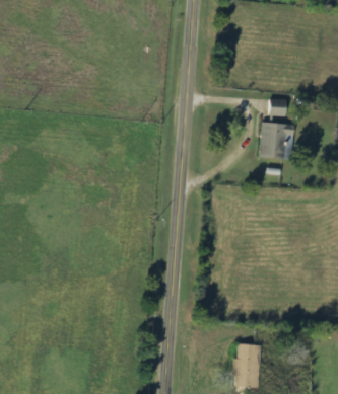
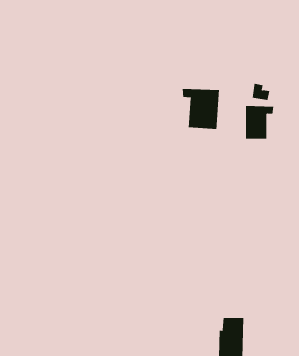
building: none -> [182,88,220,130]

